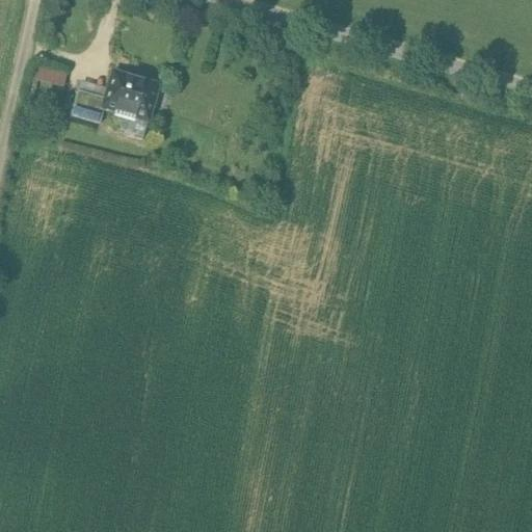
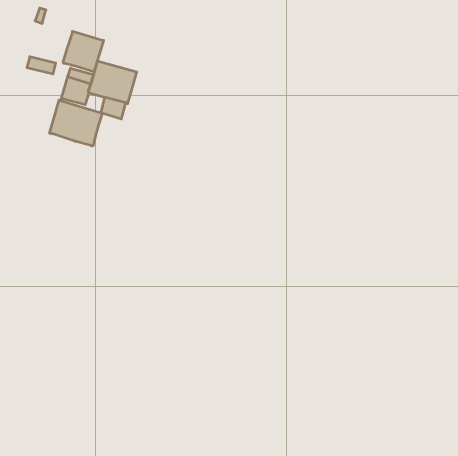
building: none -> [63,31,104,72]
building: none -> [50,100,102,146]

